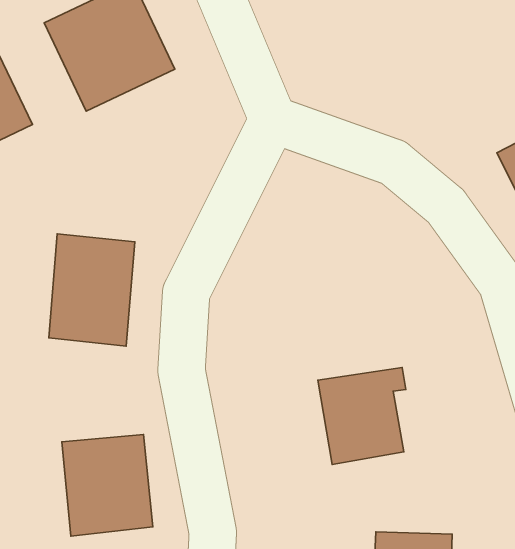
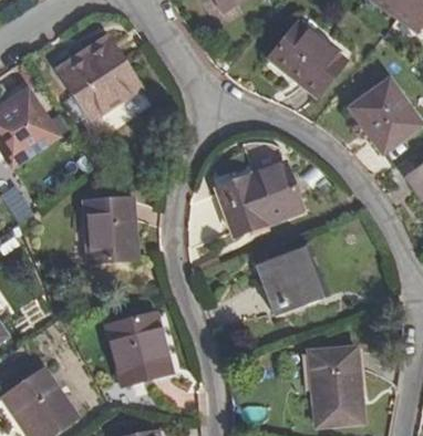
building: none -> [269,23,347,93]
building: none -> [216,162,303,235]

